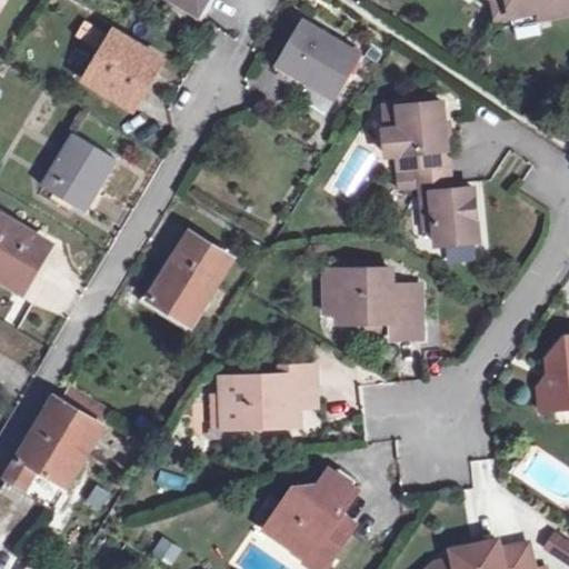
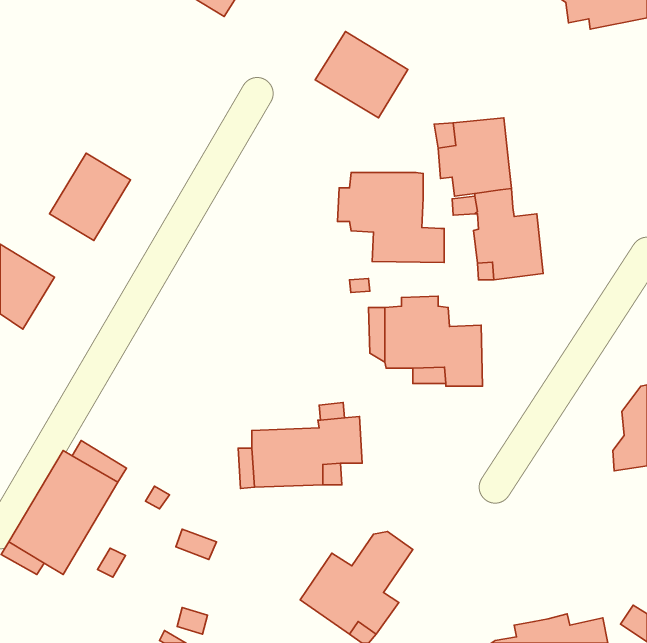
building: [89,33,158,106] -> none
building: none -> [338,172,444,263]
building: [152,226,233,316] -> none

